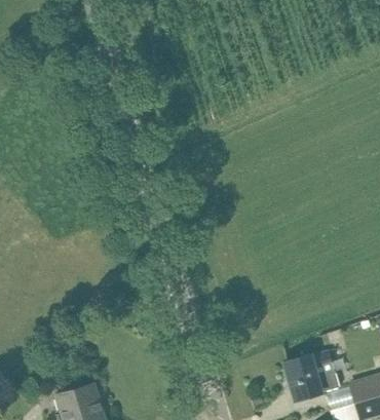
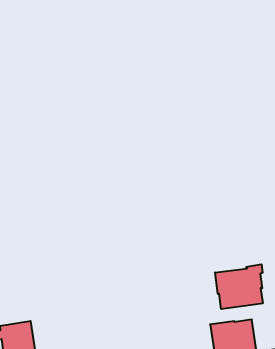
building: none -> [215,264,263,309]

